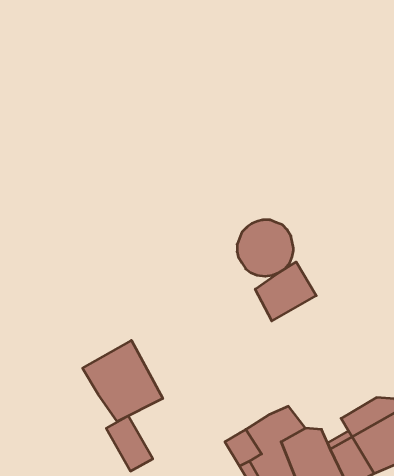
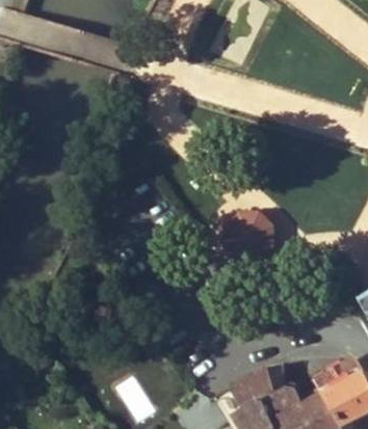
building: [255,262,316,321] -> none
building: [83,340,163,422] -> none

